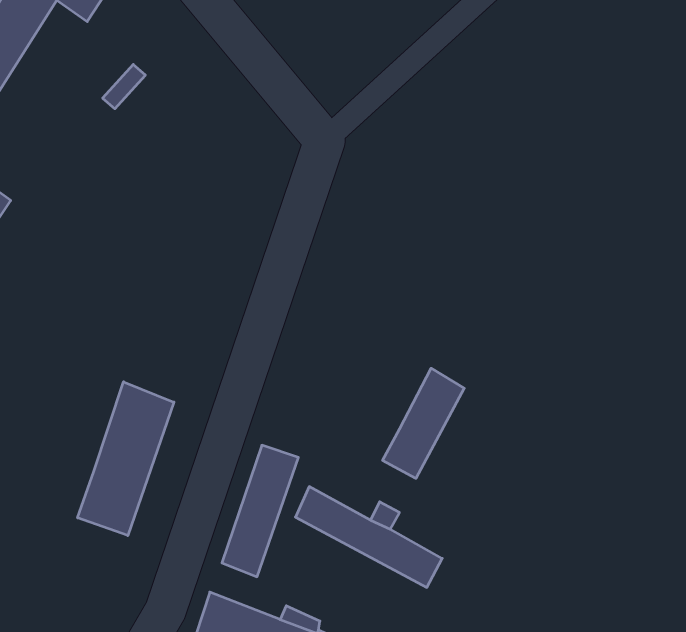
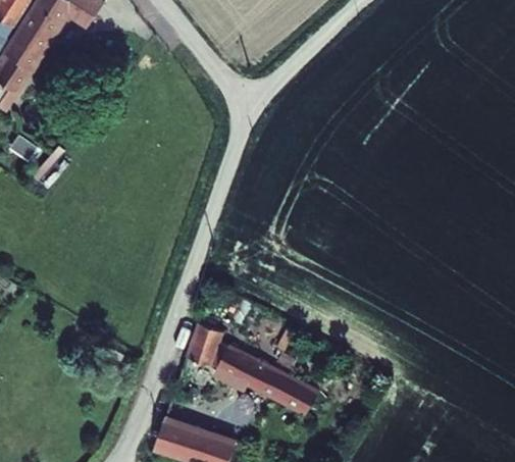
building: [383,368,464,478] -> none
building: [78,382,174,536] -> none

